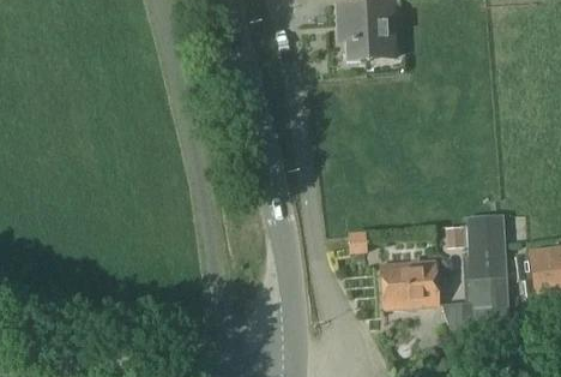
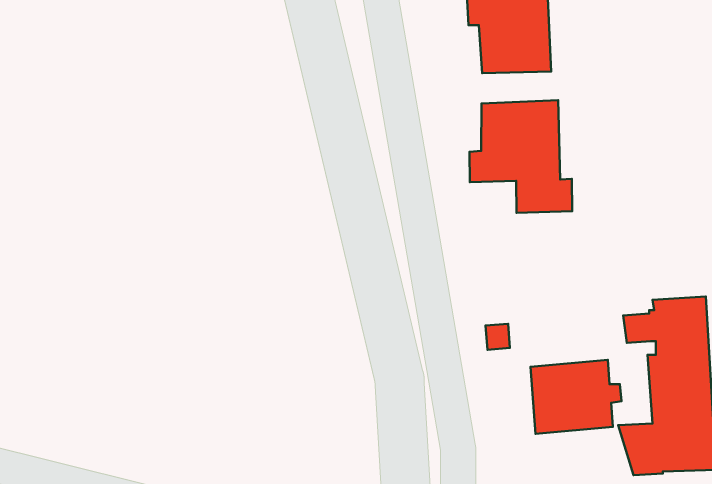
building: none -> [470,100,572,213]

